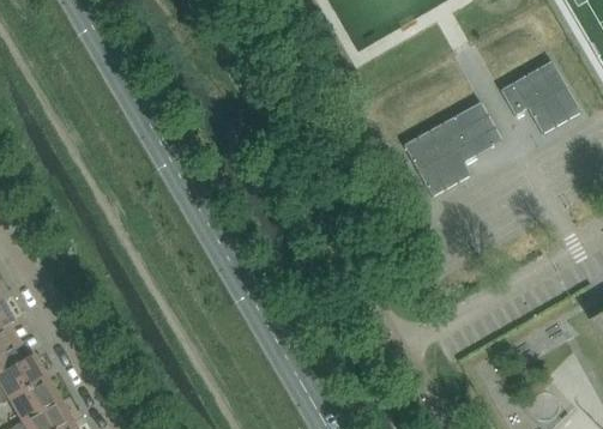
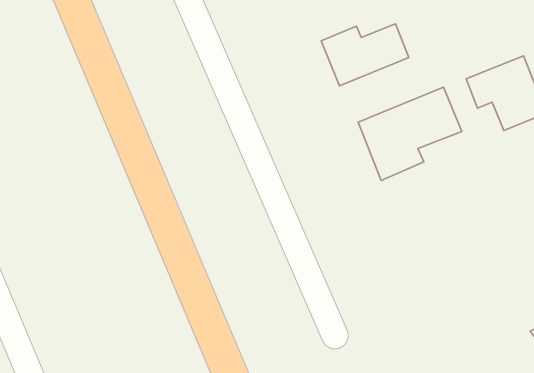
building: none -> [321,24,409,86]

